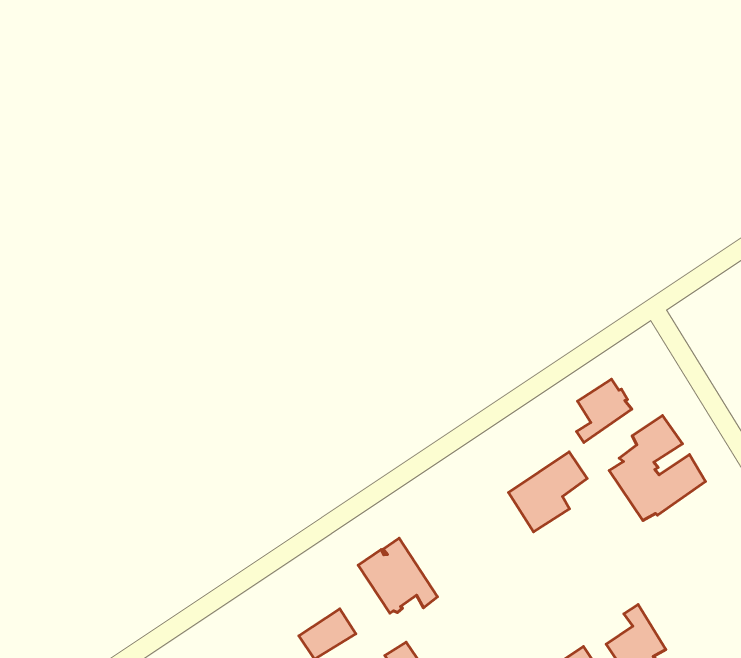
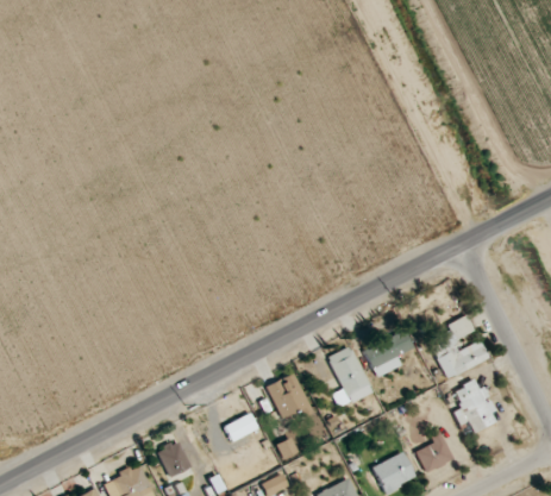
building: [576,379,632,442] -> none
building: none -> [328,346,372,402]
building: none -> [452,379,496,434]

